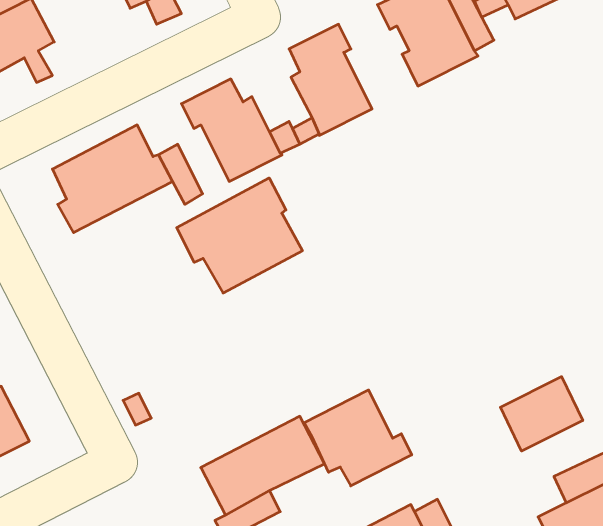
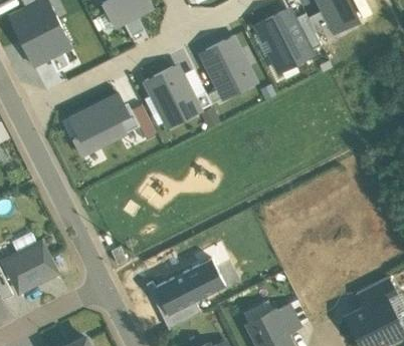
building: [177,178,302,293] -> none
building: [500,377,583,451] -> none
building: [303,390,412,486] -> none

